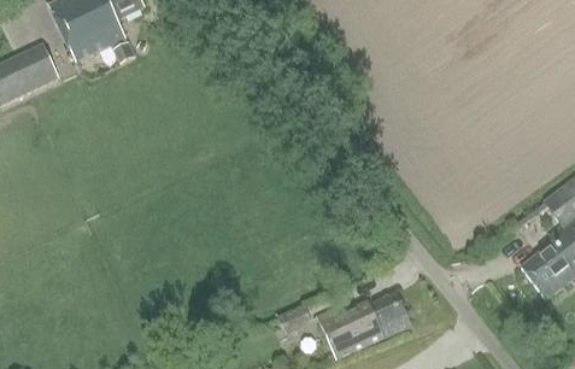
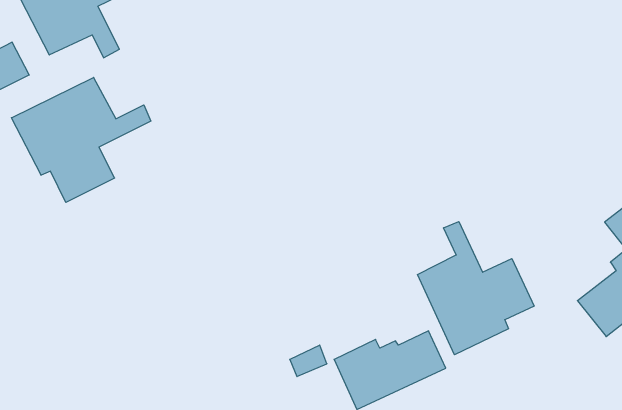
building: none -> [11,77,151,202]
building: none -> [418,222,534,355]

